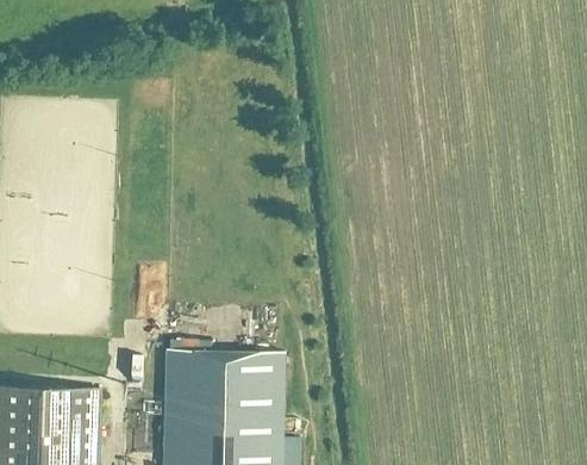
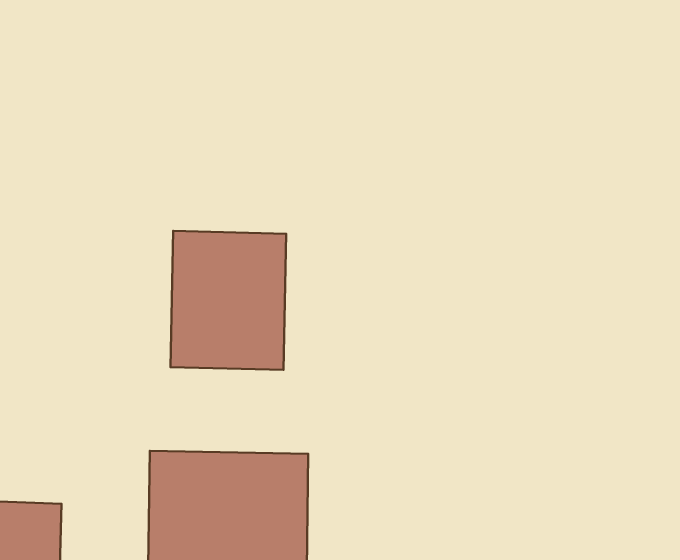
building: none -> [170,231,286,370]

